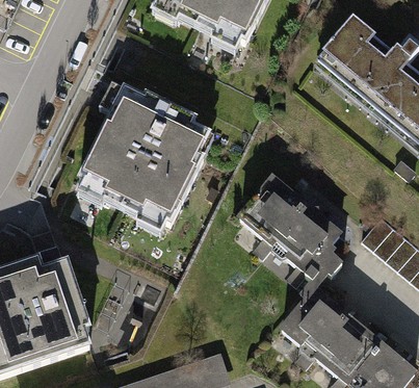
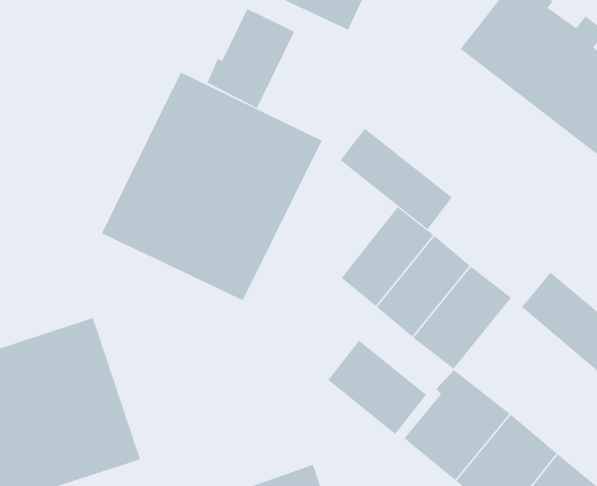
building: none -> [207,8,295,109]
building: none -> [340,128,452,230]
building: none -> [327,340,427,435]

